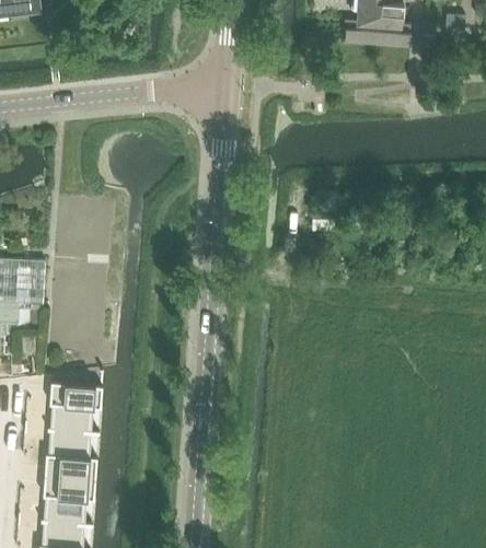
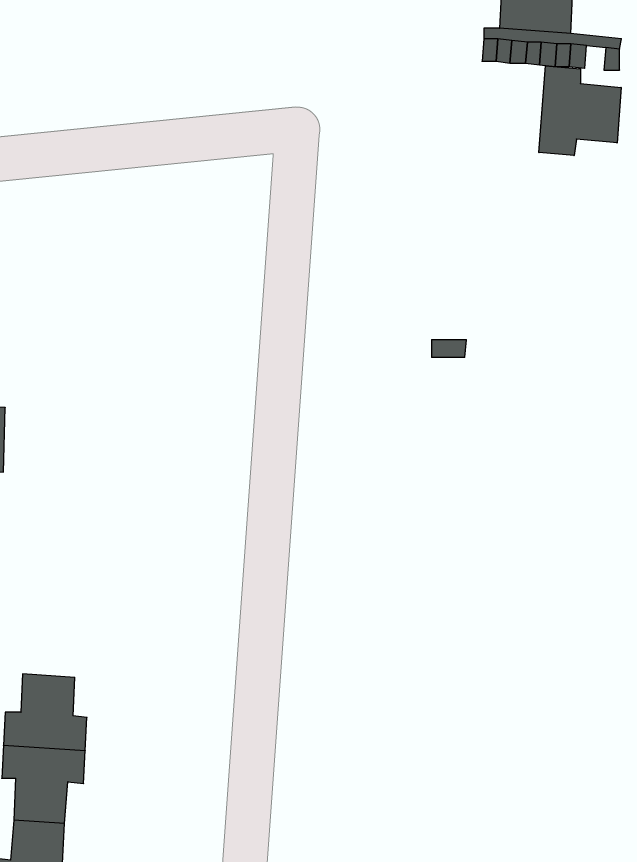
building: none -> [539,66,621,156]
building: [47,380,100,430] -> none

